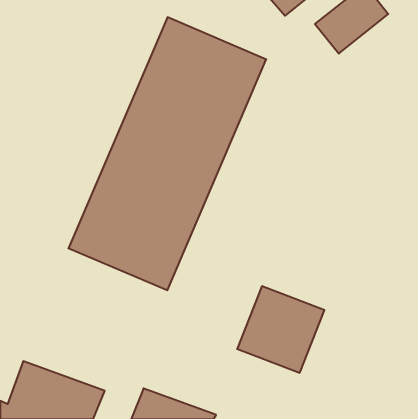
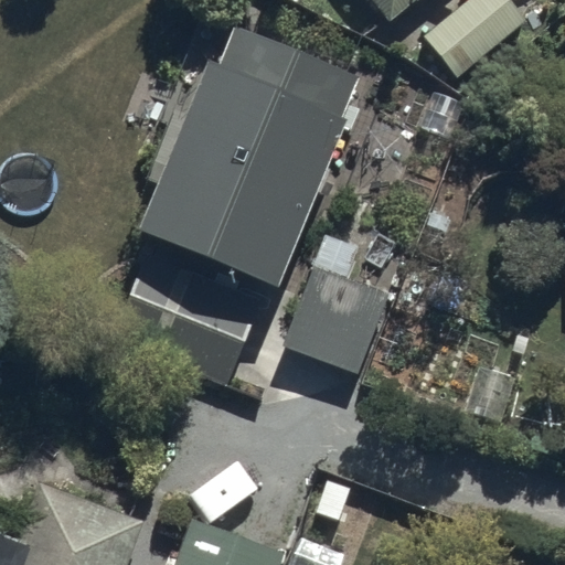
building: [237,286,324,373] -> [281,259,398,375]

